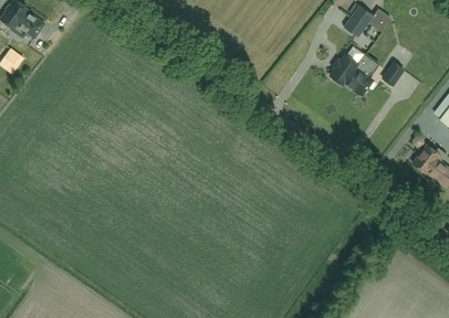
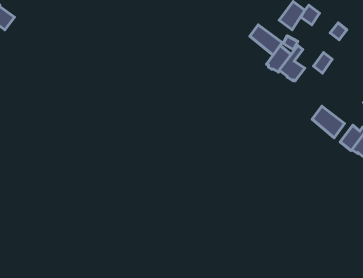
building: none -> [250,25,282,55]
building: none -> [312,106,345,138]

